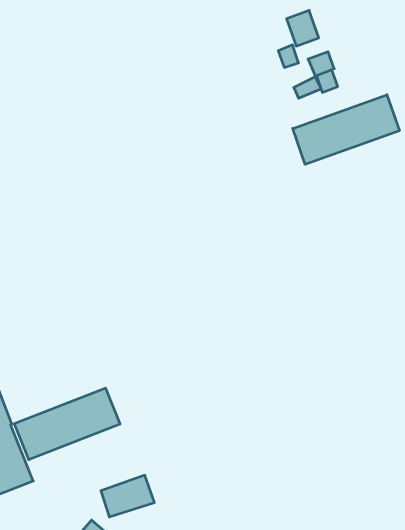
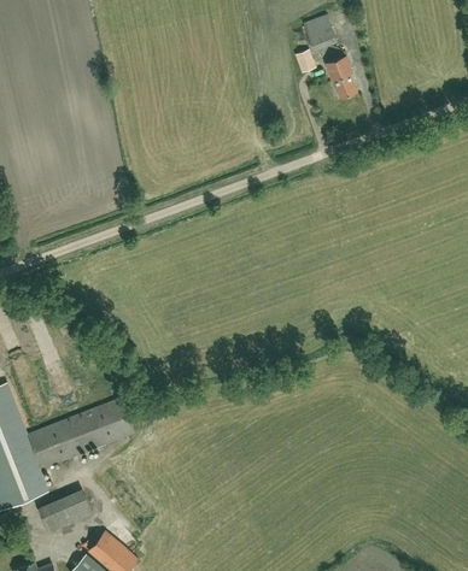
building: [293,95,399,164] -> none
building: [101,475,154,517] -> [41,490,95,532]

